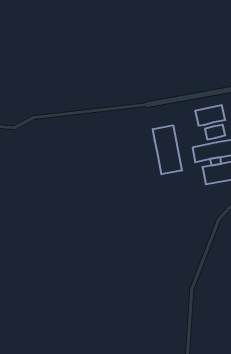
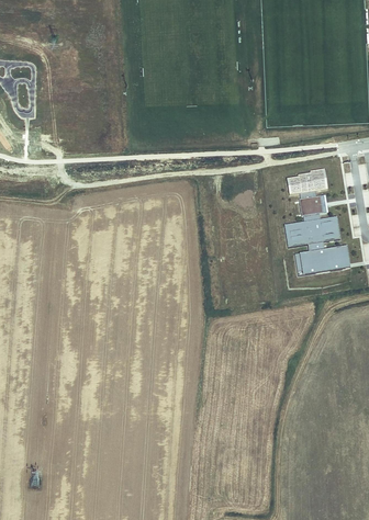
building: [153,125,182,174] -> none

